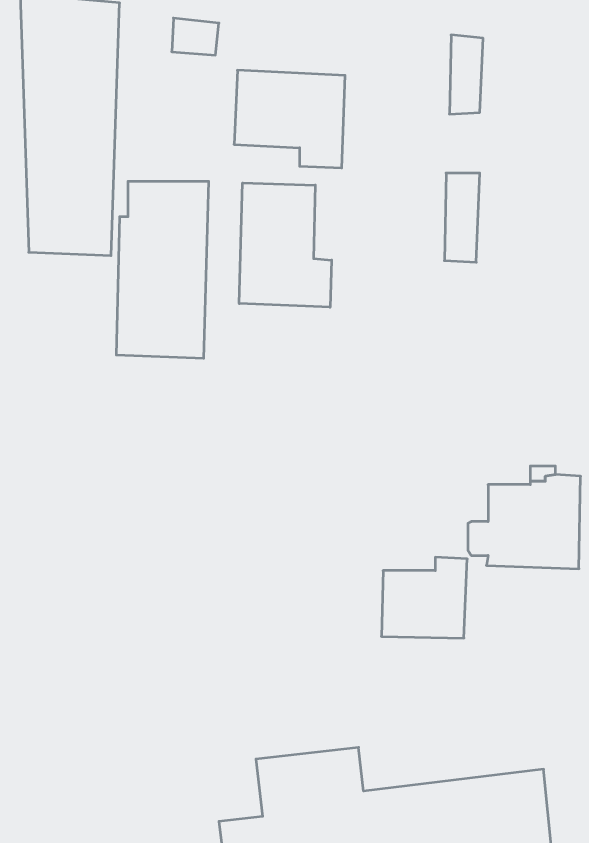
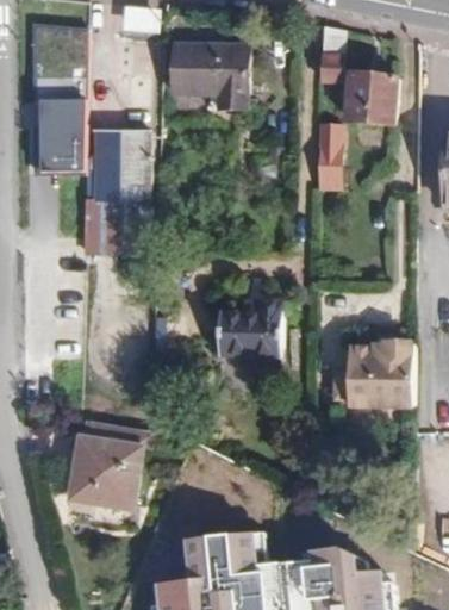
building: none -> [348,74,399,125]
building: [239,183,332,307] -> none
building: [381,557,467,638] -> [222,301,282,359]
building: none -> [67,435,151,523]

